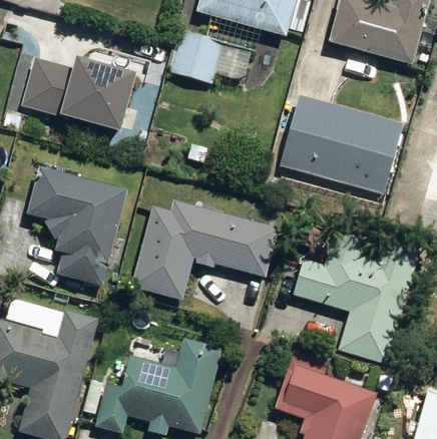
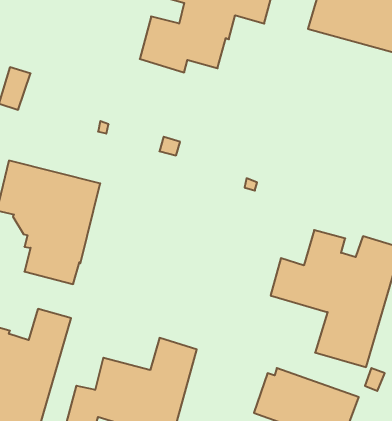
building: [50,43,141,137] -> none
building: [279,94,401,193] -> none
building: [128,198,277,300] -> none

